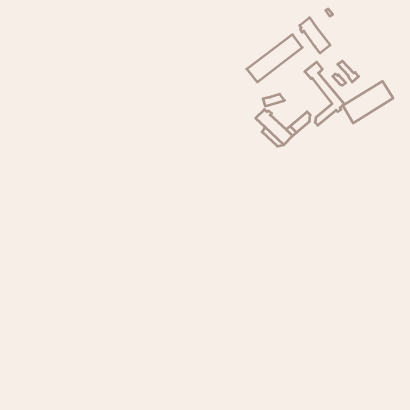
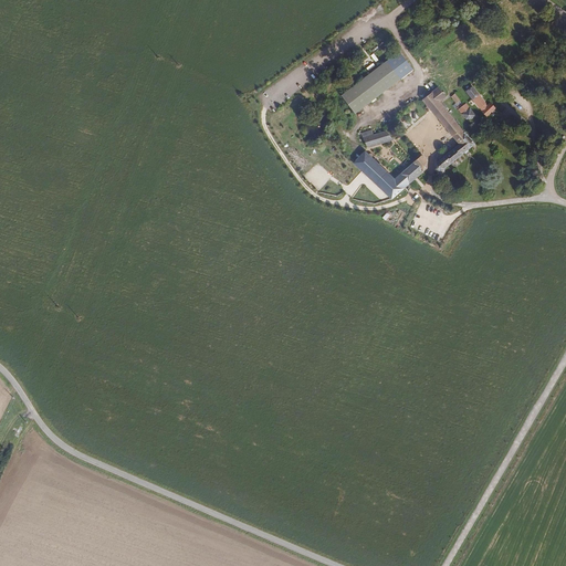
building: [300,18,330,53] -> none
building: [343,81,393,123] -> none

